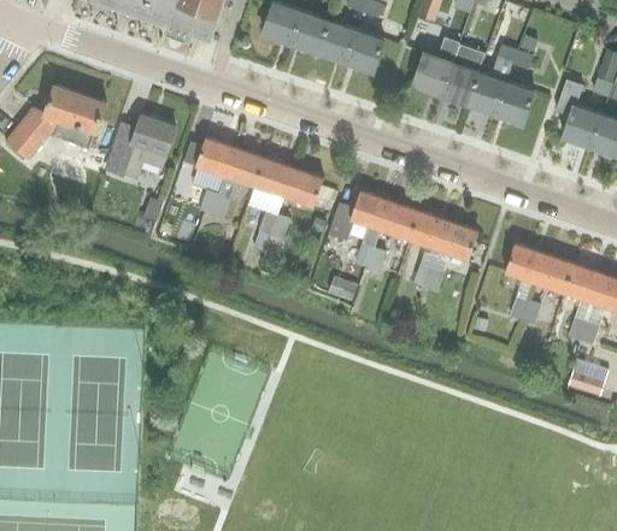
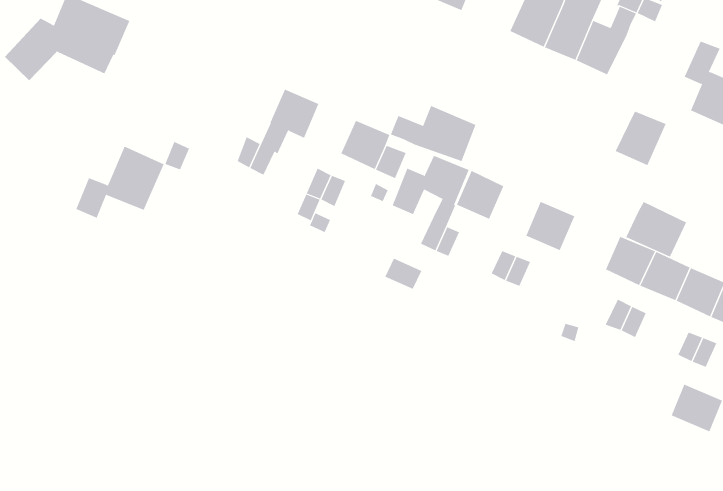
building: [494,82,534,125] -> [615,111,666,166]
building: [106,116,175,176] -> [76,146,165,219]
building: [195,137,235,176] -> none
building: none -> [390,105,476,162]
building: [254,158,294,196] -> none
building: [409,212,448,250] -> none
building: none -> [626,201,687,258]

